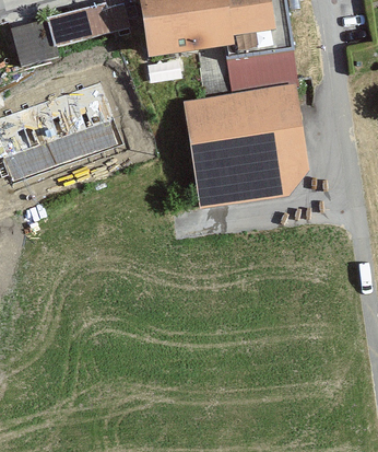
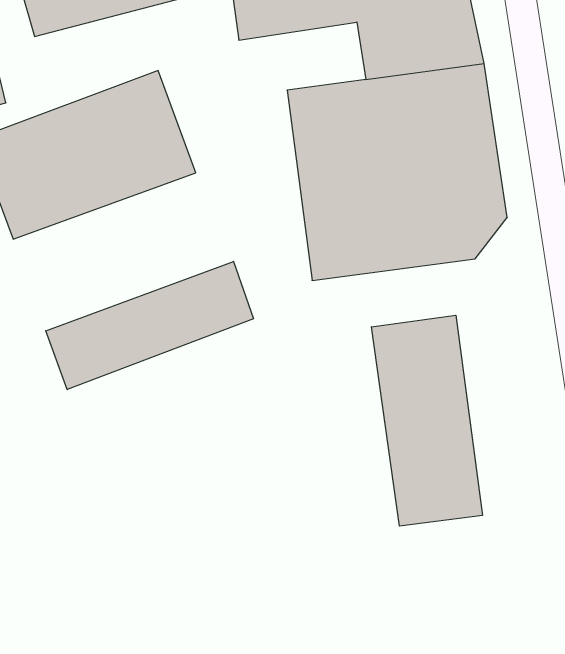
building: none -> [46,261,254,390]
building: none -> [372,315,482,526]

